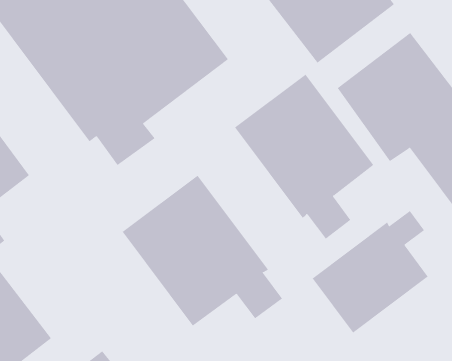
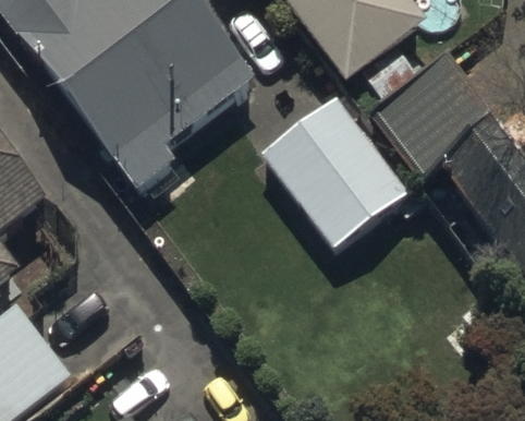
building: [122,175,283,326] -> none
building: [312,210,428,333] -> none

